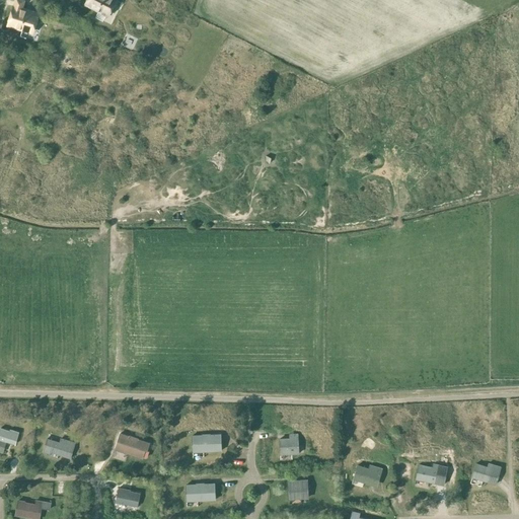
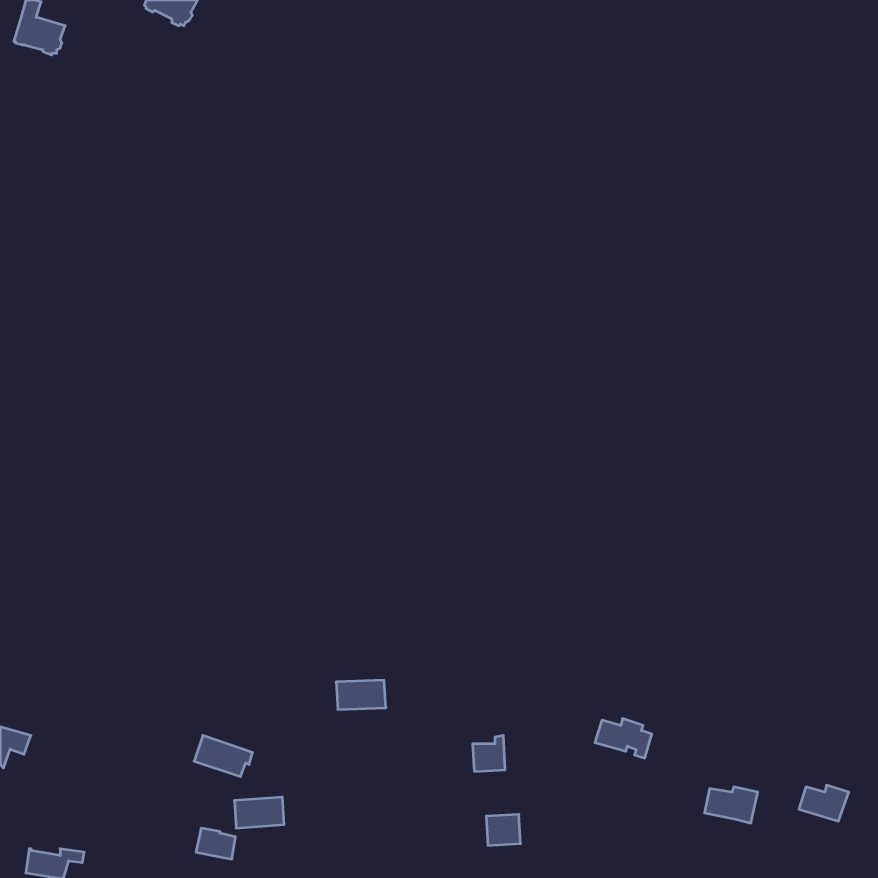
building: [192,435,221,452] -> [336,680,386,709]
building: [43,439,75,458] -> none
building: [353,465,386,489] -> [595,719,652,758]
building: [186,484,215,502] -> [234,797,284,828]

